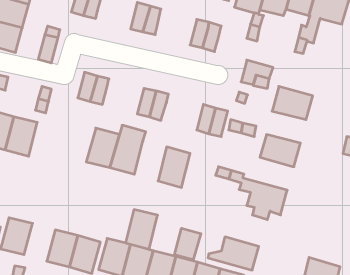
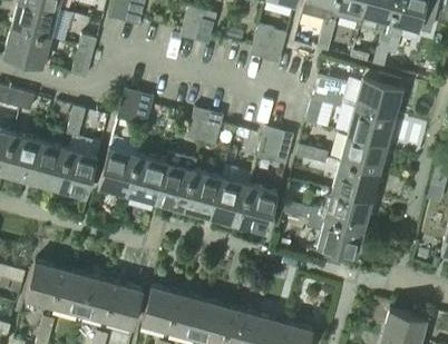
building: none -> [354,75,402,118]
building: none -> [340,136,387,174]
building: none -> [99,137,142,196]
building: none -> [59,149,97,197]
building: none -> [240,186,279,233]
building: [125,210,158,249] -> [184,171,222,218]
building: none -> [53,268,90,313]
building: [174,228,201,260] -> none
building: [208,237,259,270] -> [312,190,372,229]

